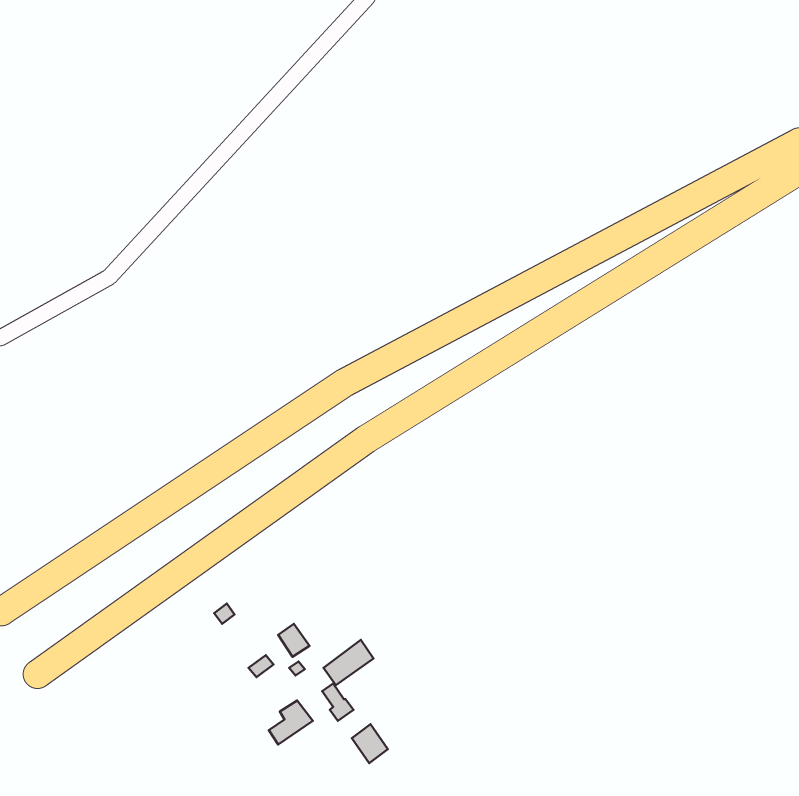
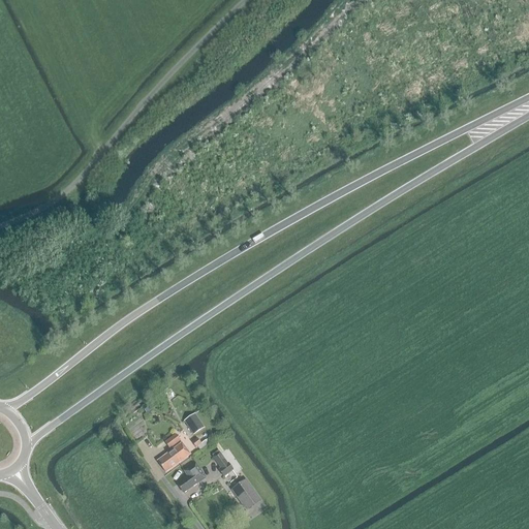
building: [323,640,373,685] -> [157,441,190,471]

